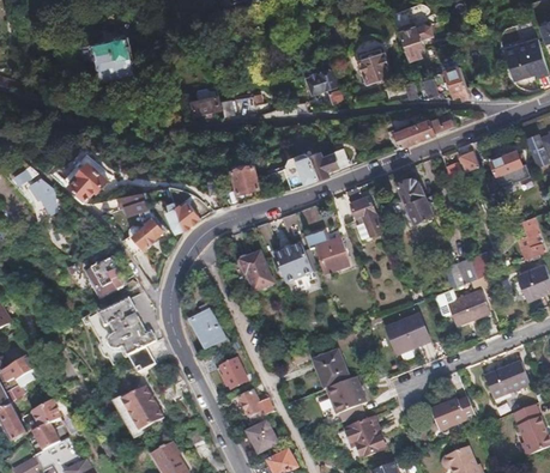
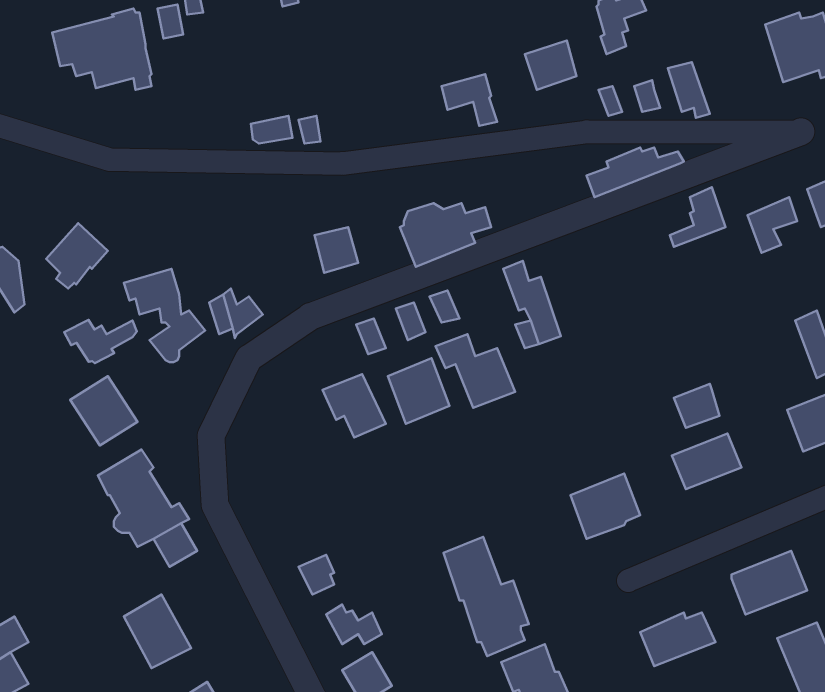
building: [397,178,431,223] -> none
building: none -> [64,320,137,363]
building: [192,307,226,353] -> none

